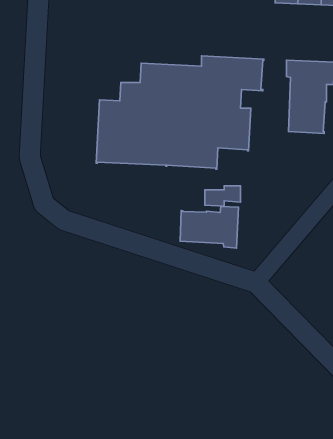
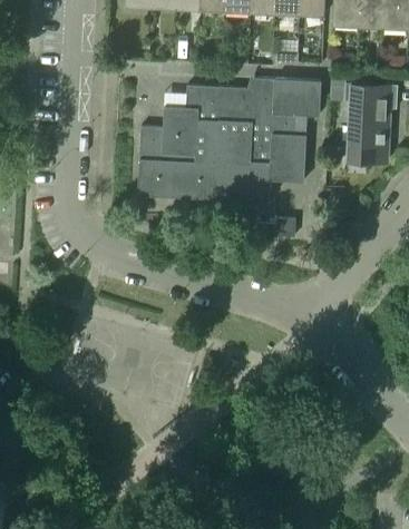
building: [180,206,239,248] -> none

